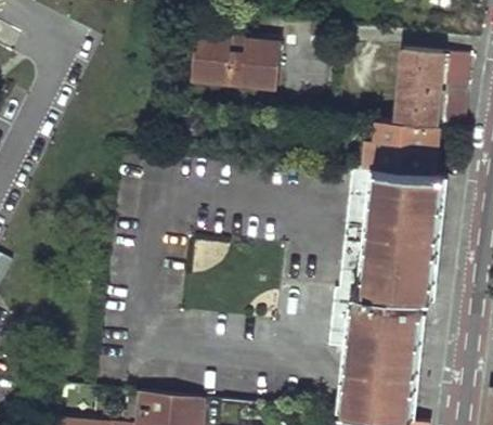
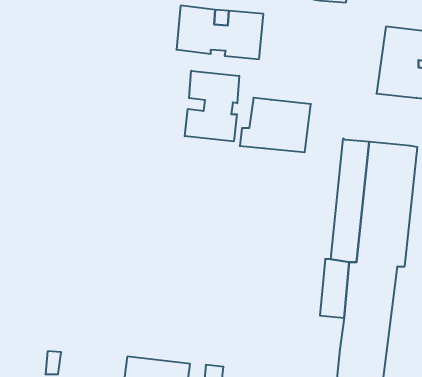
building: none -> [185,71,239,141]
building: [365,116,439,172] -> [240,98,311,152]

